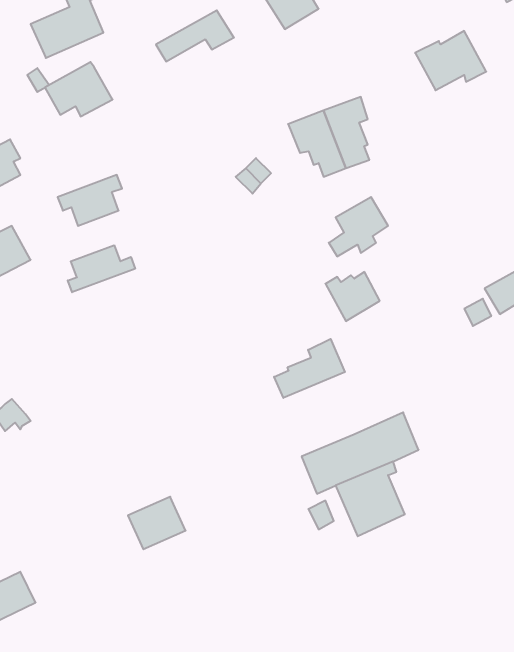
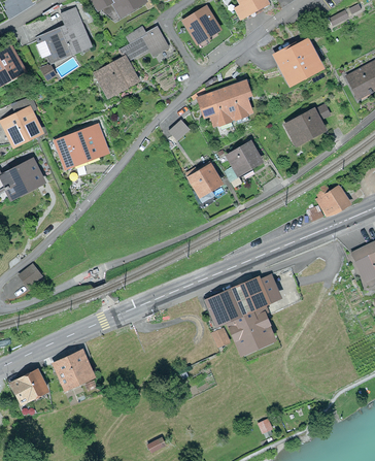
building: [45,62,113,116] -> [96,57,137,90]
building: none -> [286,108,323,139]
building: [68,245,135,292] -> none
building: [325,272,380,321] -> [186,164,219,194]
building: [274,339,345,398] -> none
building: [128,497,186,549] -> [56,352,91,384]

